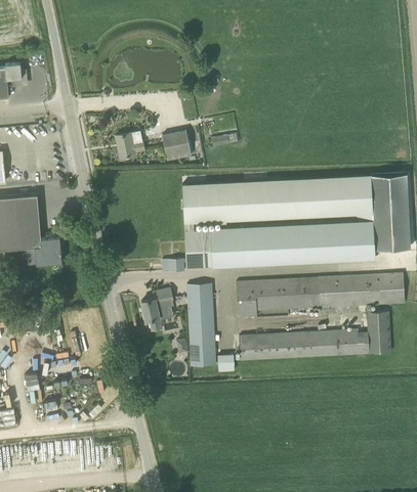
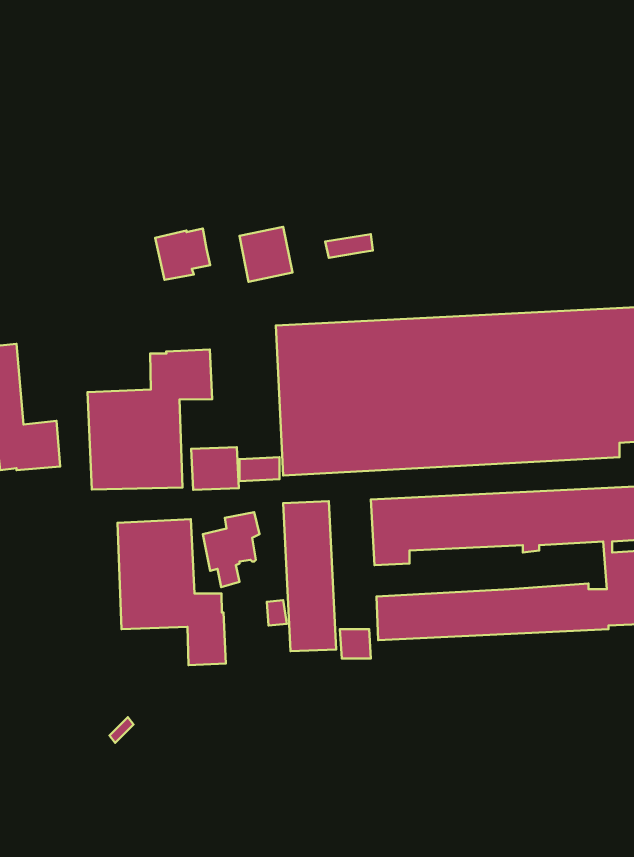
building: none -> [88,349,212,490]
building: none -> [191,447,239,490]
building: none -> [118,519,226,665]

